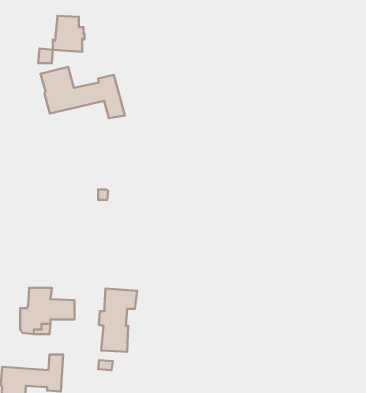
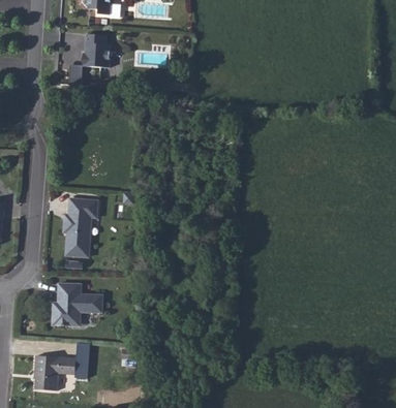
building: [41,67,125,118] -> none
building: [99,289,137,352] -> [63,198,98,256]

